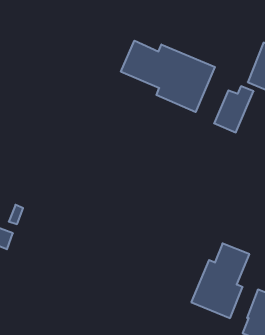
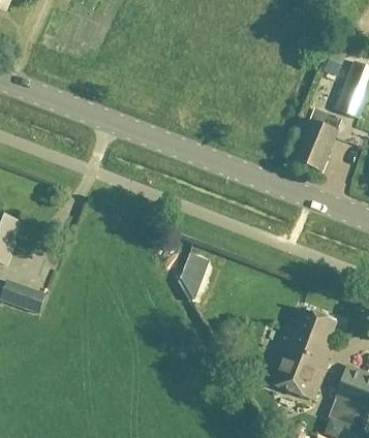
building: [121,41,215,112] -> none
building: none -> [178,257,207,300]

